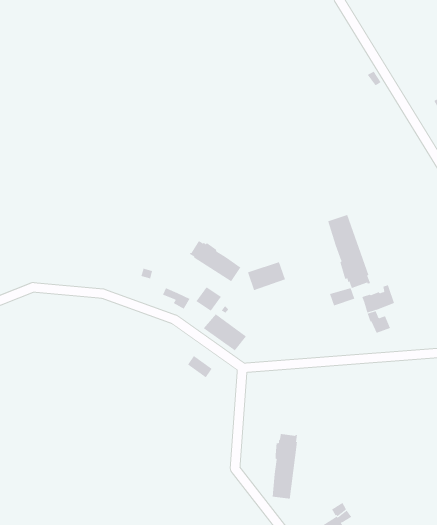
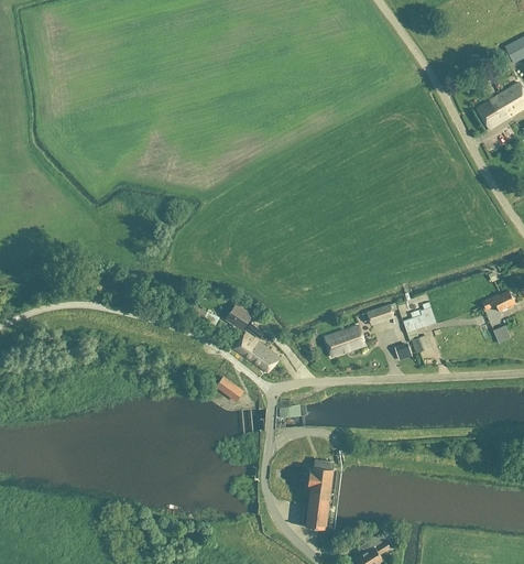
building: [327,214,371,289] -> none
building: [189,240,241,282] -> none
building: [247,262,286,291] -> [325,326,365,357]

